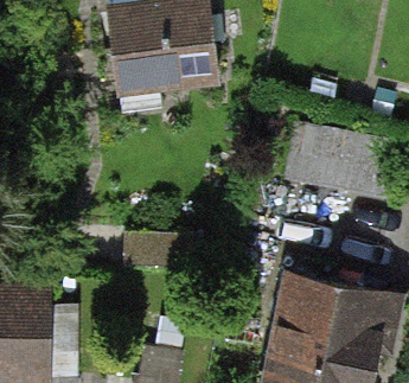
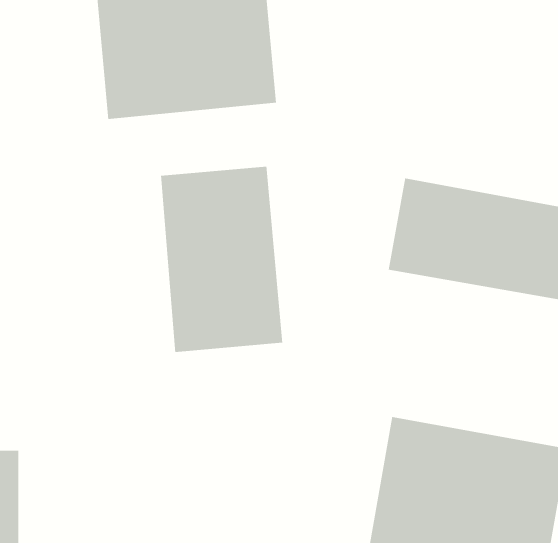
building: none -> [160,166,283,353]

